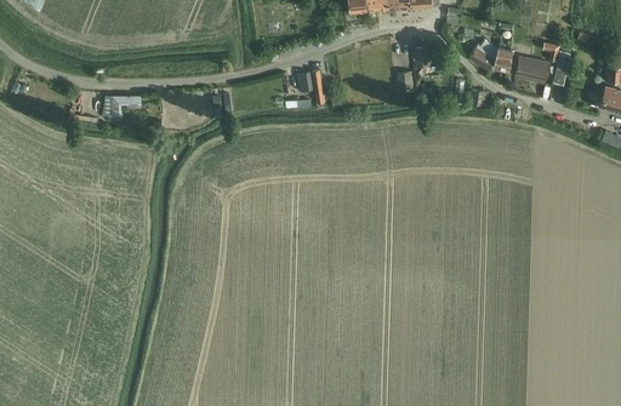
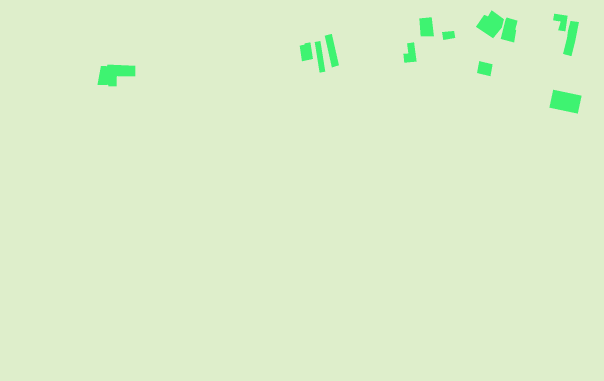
building: [513,58,546,82] -> [549,89,582,114]

